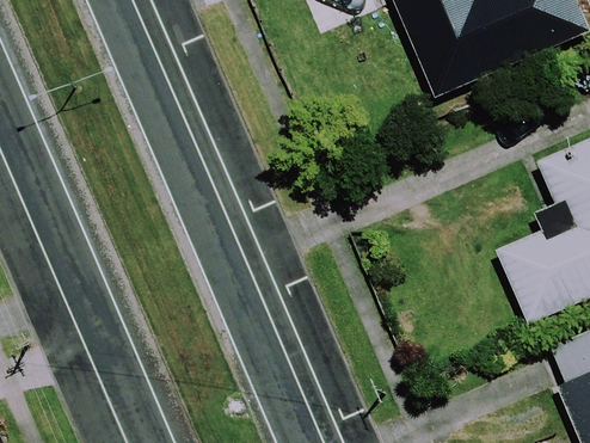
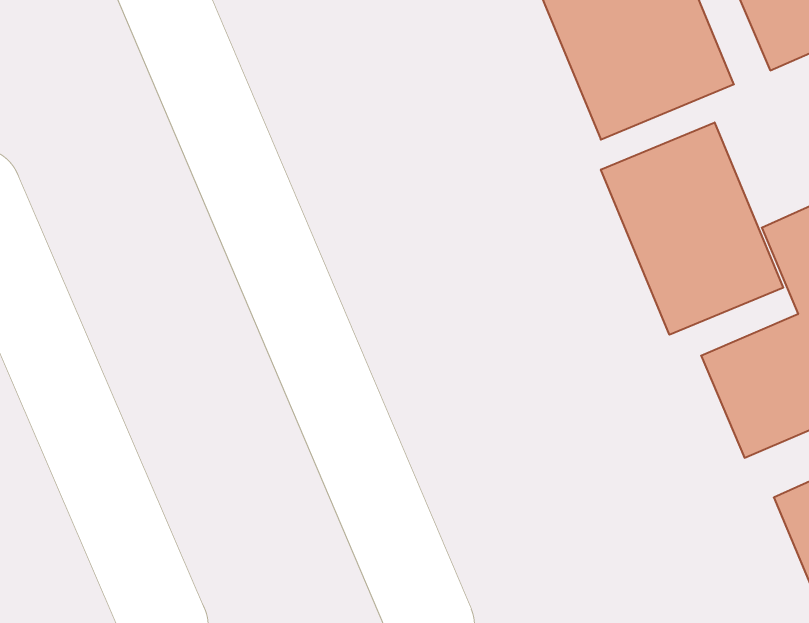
building: none -> [601,122,783,335]

